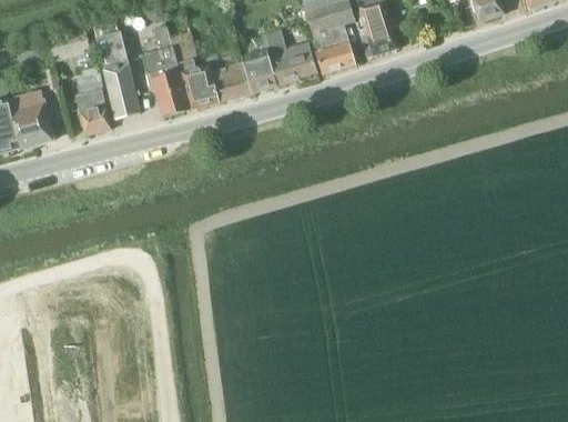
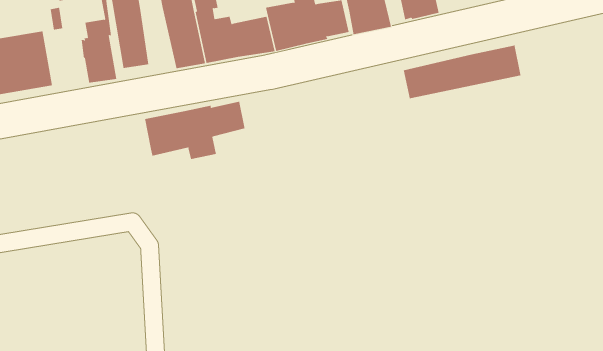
building: none -> [403,44,522,99]
building: none -> [145,101,245,160]

